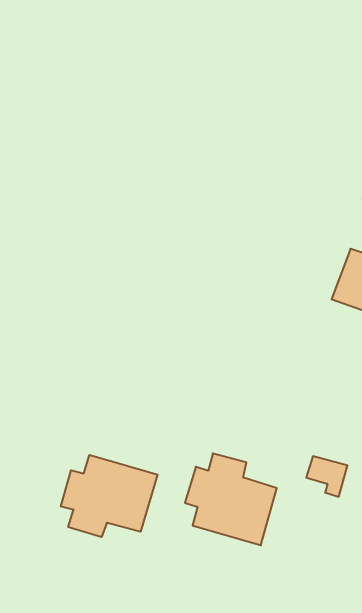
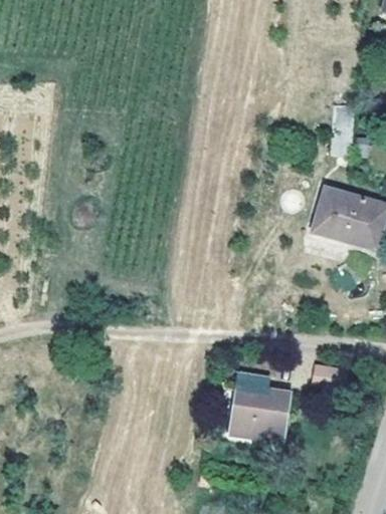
building: [61,455,158,537] -> none

